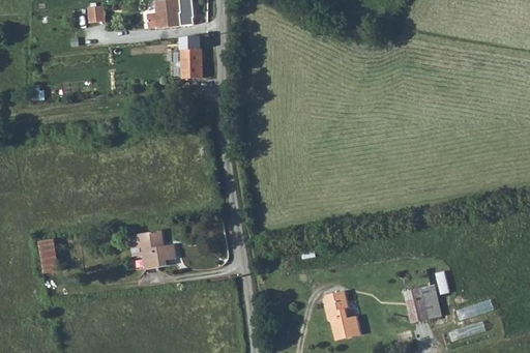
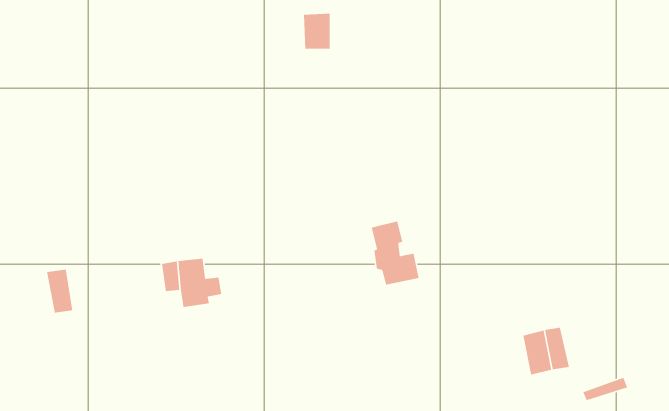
building: [180,51,201,79] -> [303,13,330,49]
building: [324,287,361,336] -> [371,220,419,285]

